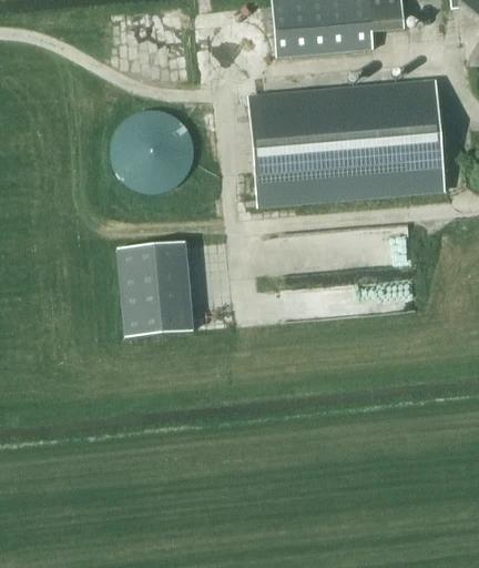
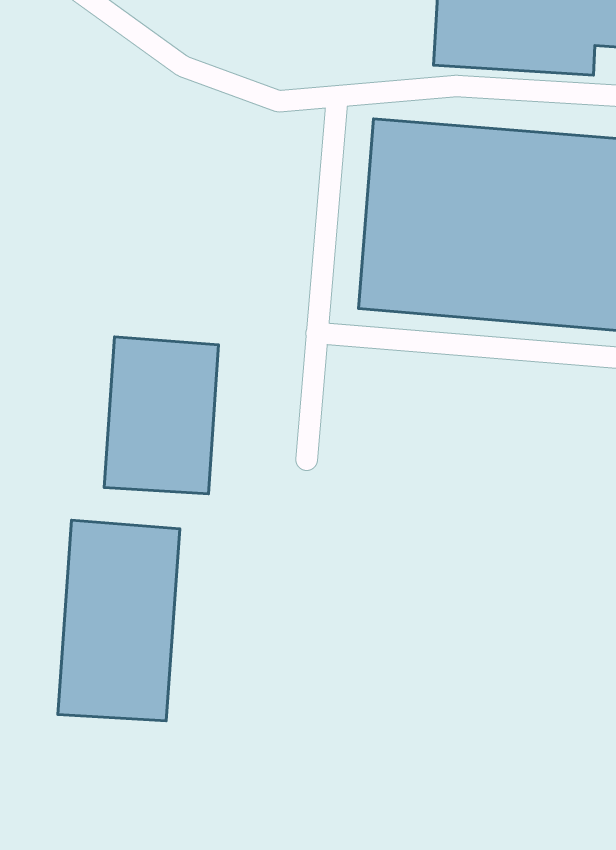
building: [112,110,195,193] -> none
building: none -> [58,520,180,721]

